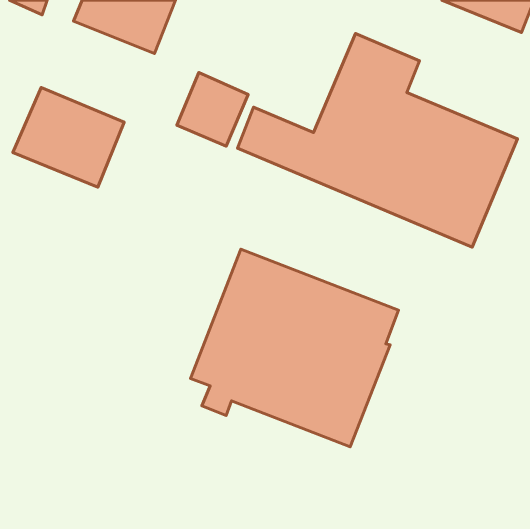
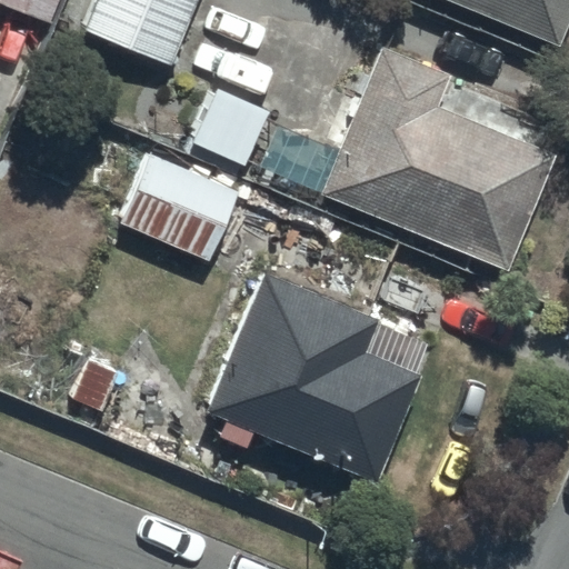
building: [13,87,124,187] -> [122,154,240,260]

